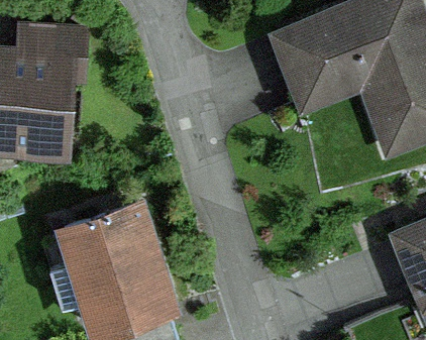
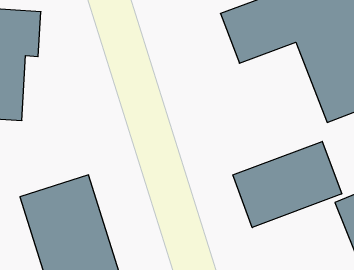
building: none -> [233,141,342,228]

